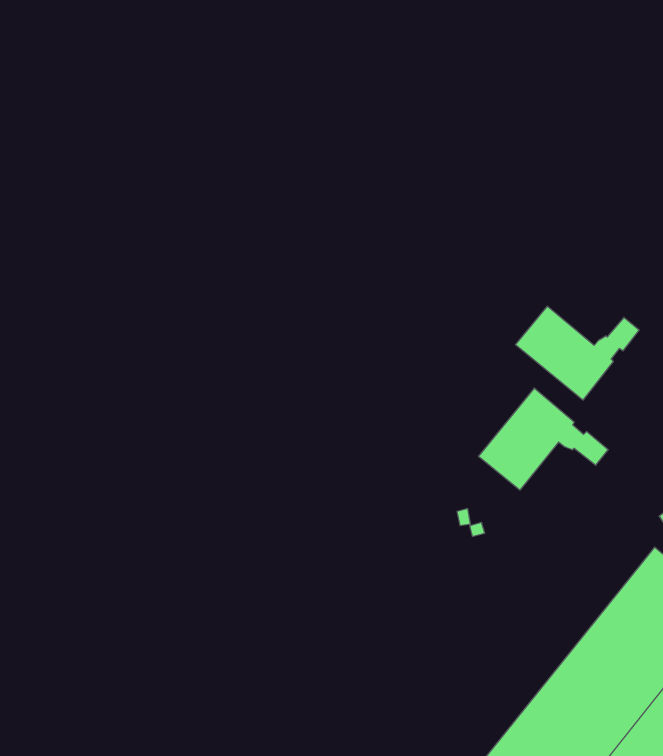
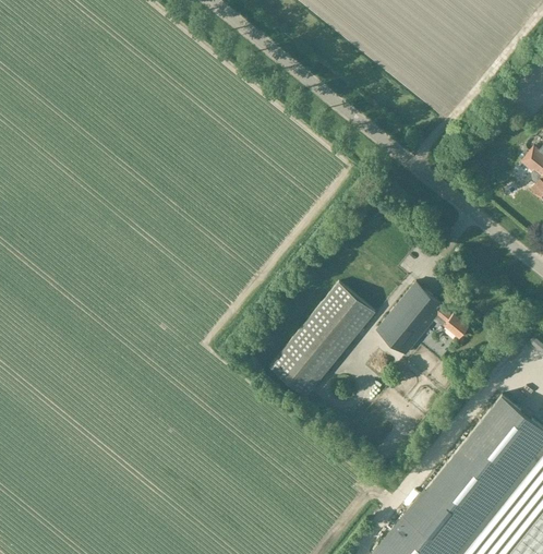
building: [516,306,639,400] -> none
building: none -> [270,281,375,396]

